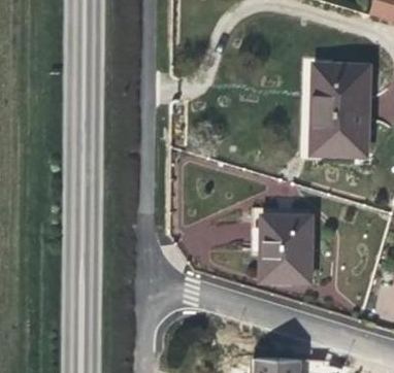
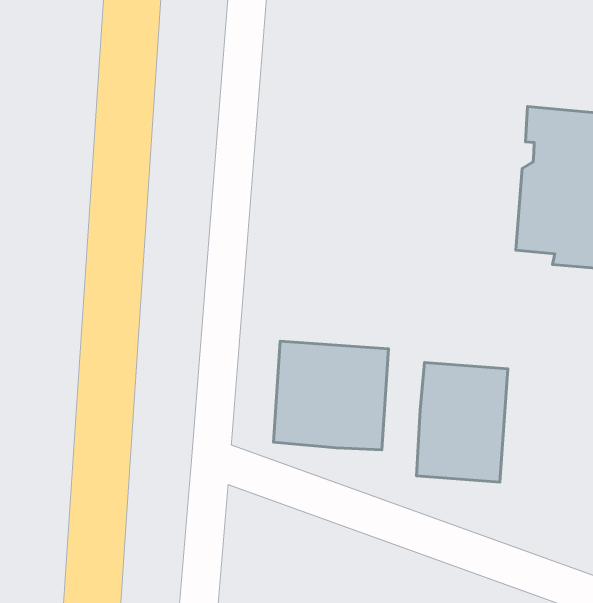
building: none -> [274,341,389,450]

